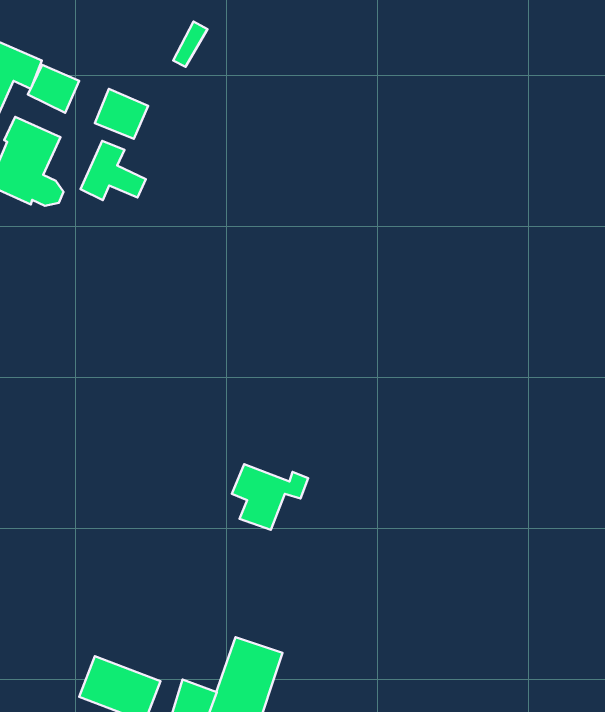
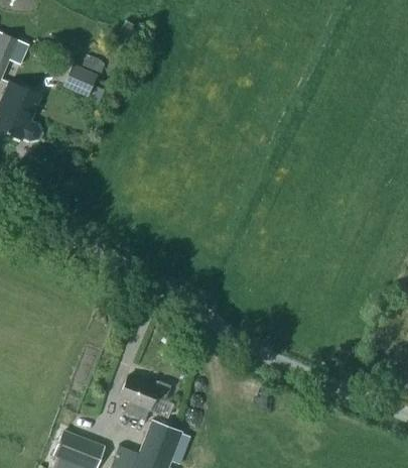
building: [28,65,79,113] -> none
building: [81,141,146,200] -> none
building: [232,464,308,530] -> [119,377,168,420]

